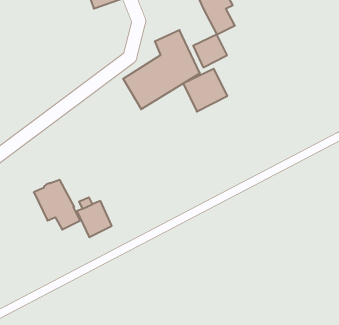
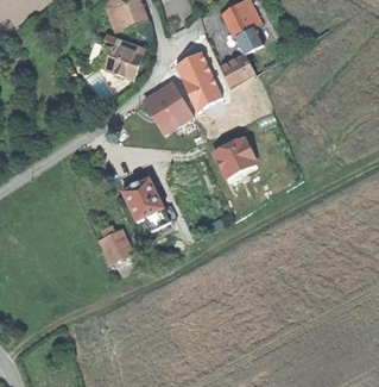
building: none -> [96,38,143,75]
building: [183,69,227,112] -> [213,136,259,181]
building: [34,180,80,230] -> [121,177,170,230]

